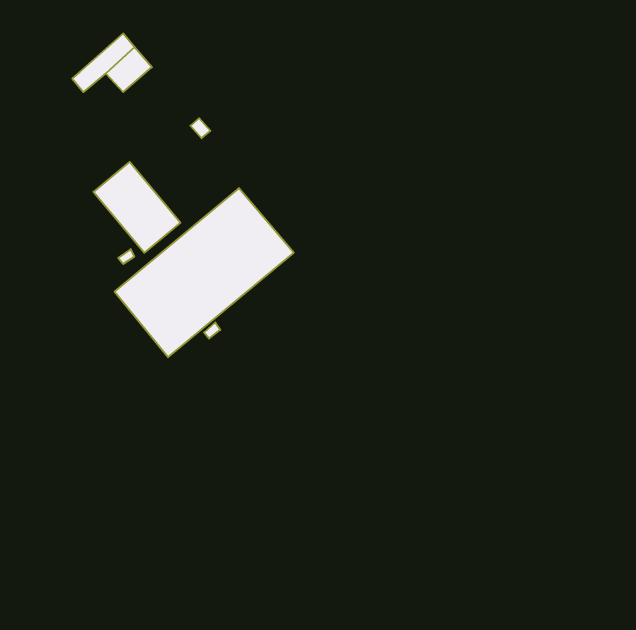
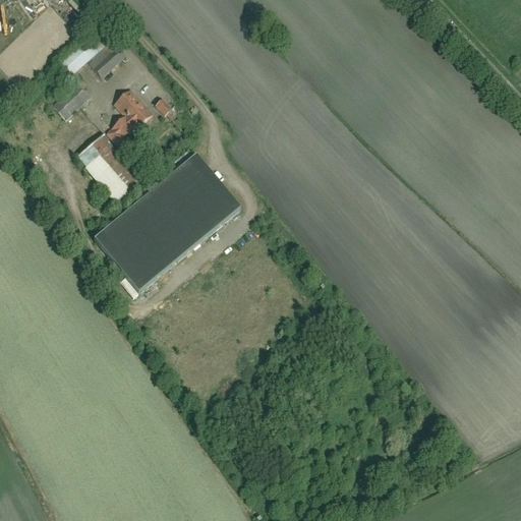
building: none -> [50,81,90,120]
building: none -> [107,89,153,146]

